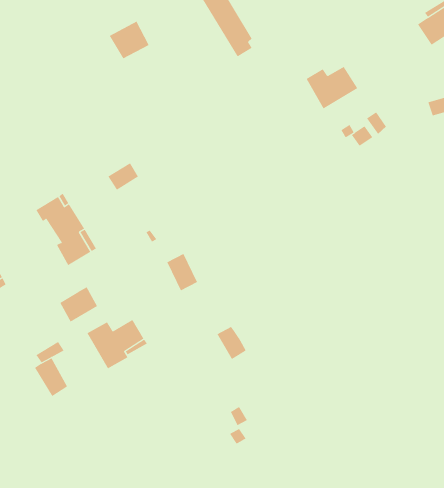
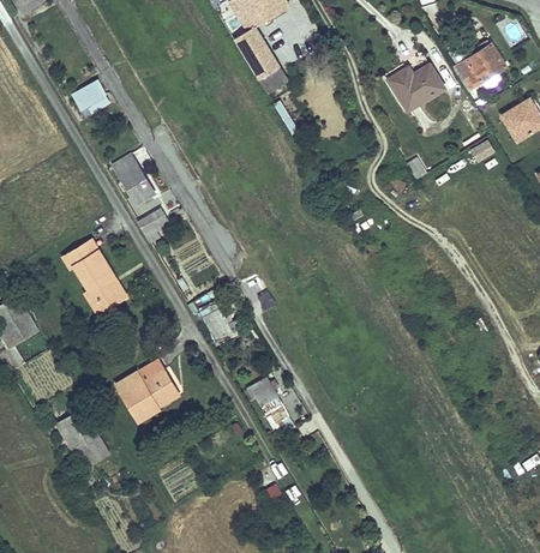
building: [109,21,149,59] -> [68,77,110,116]
building: [306,66,358,109] -> [389,65,443,109]
building: none -> [112,154,154,203]
building: [59,287,98,322] -> none

